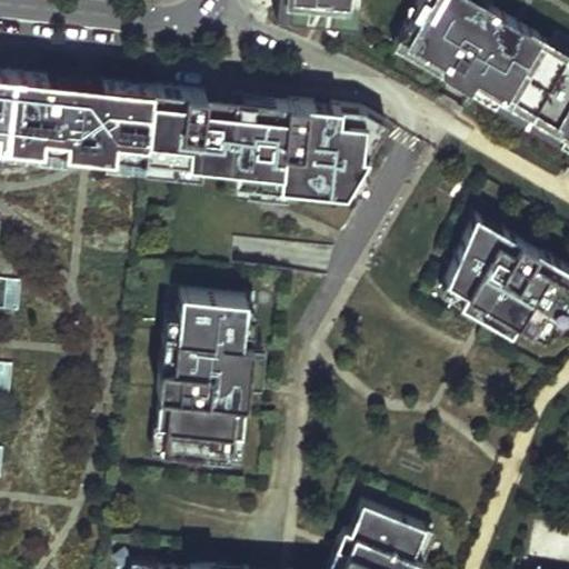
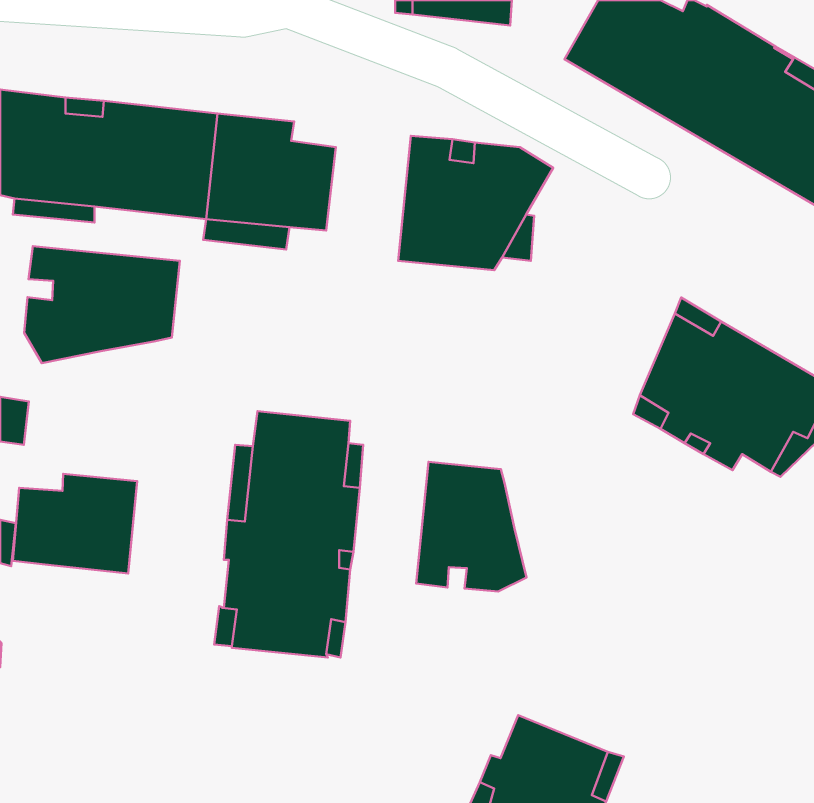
building: [204,94,288,191] -> none
building: none -> [24,246,180,363]
building: none -> [416,462,527,592]
building: none -> [13,474,137,574]

